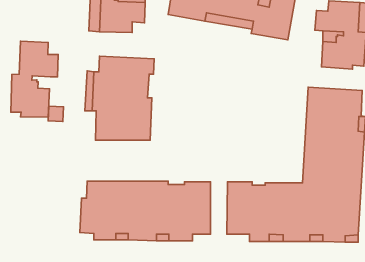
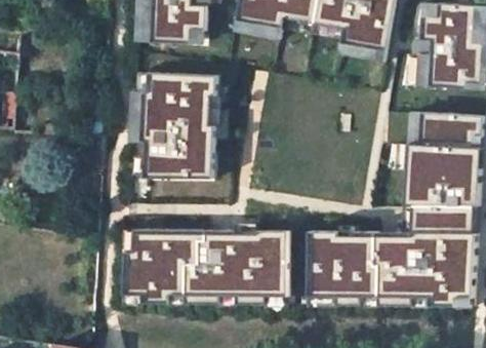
building: [11,41,58,117] -> none

